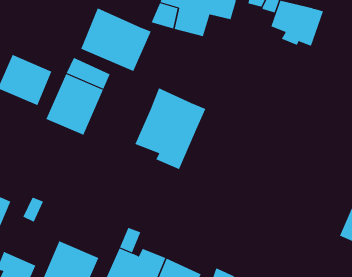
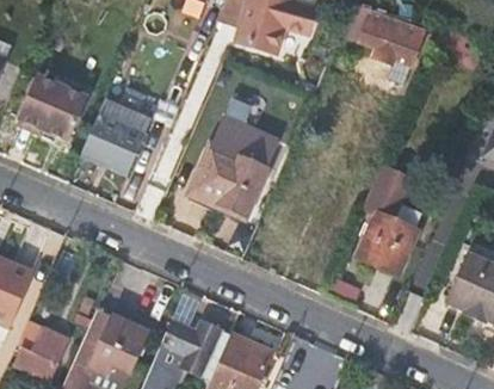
building: [80,7,152,72] -> none
building: none -> [359,163,421,274]

